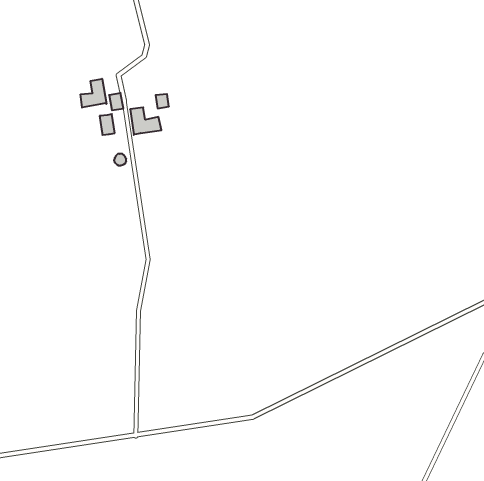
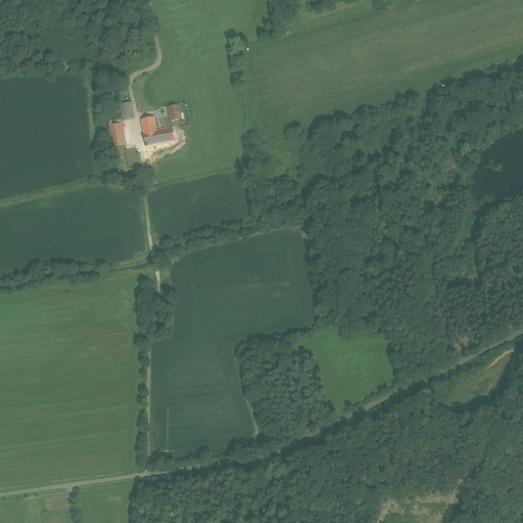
building: [81,79,106,108] -> none

